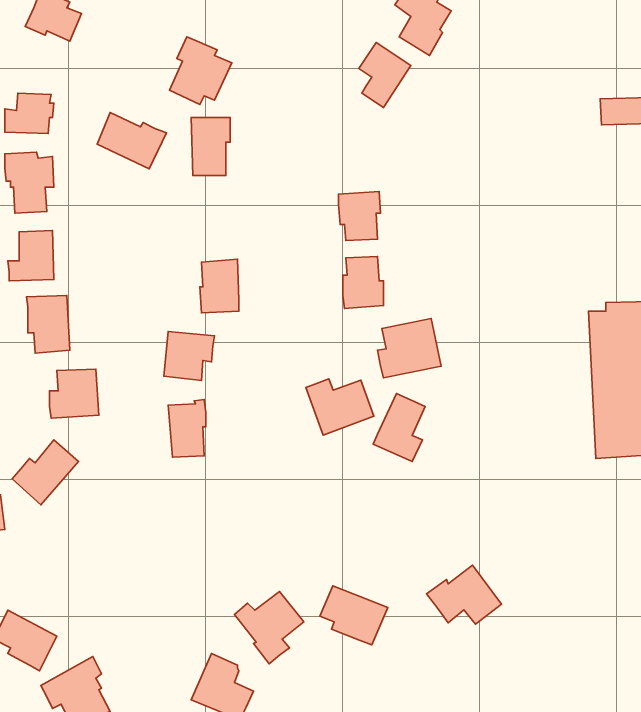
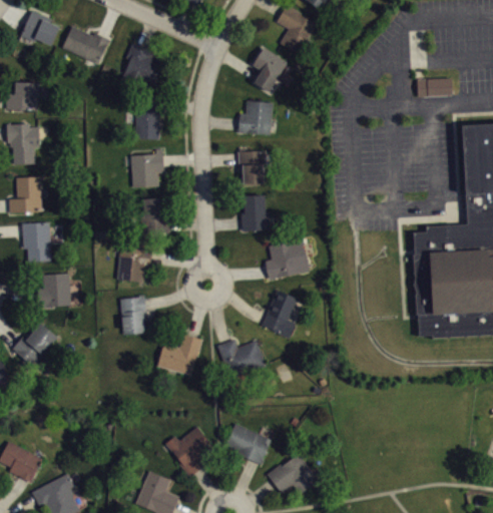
building: [97,112,166,169] -> [63,26,111,65]
building: none -> [238,100,274,135]
building: none -> [130,149,165,187]
building: [306,379,374,435] -> [218,340,266,379]
building: none -> [157,335,202,376]
building: [426,565,501,624] -> [267,454,319,495]

